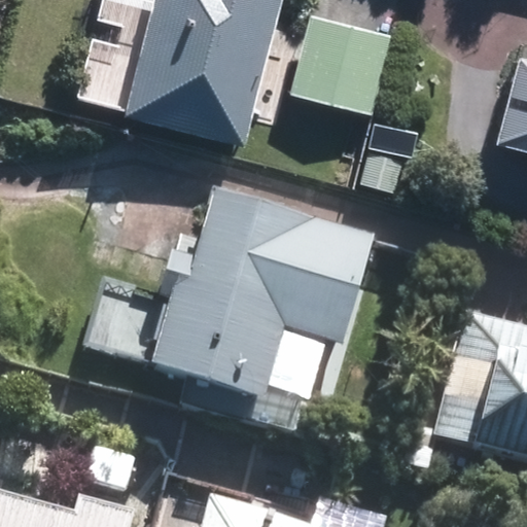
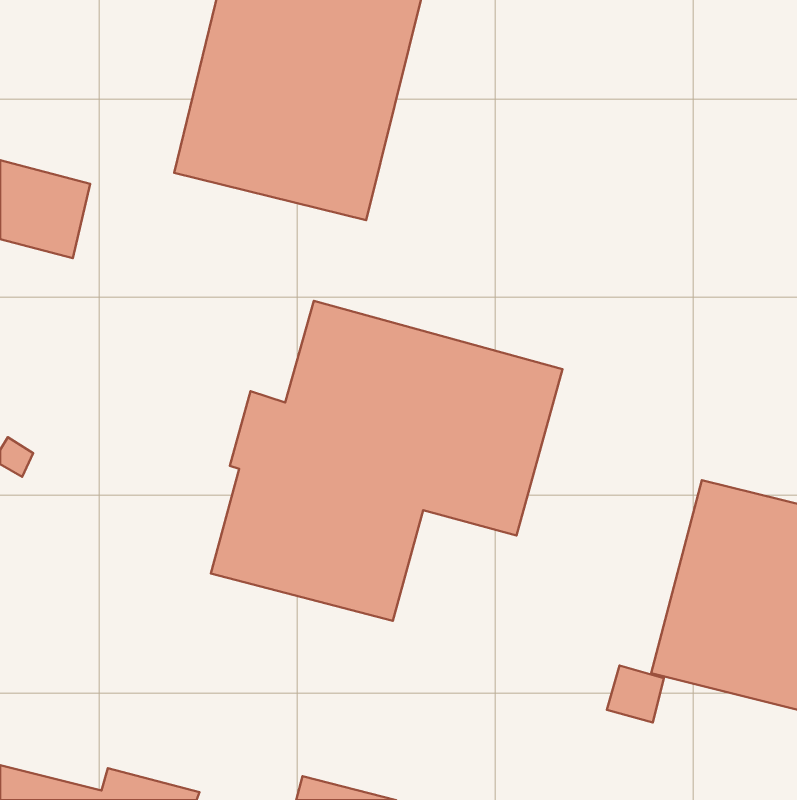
building: [290,10,397,113] -> none

